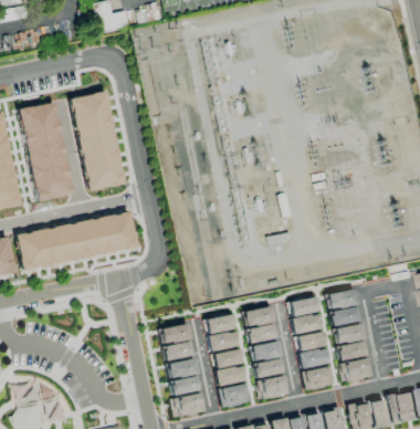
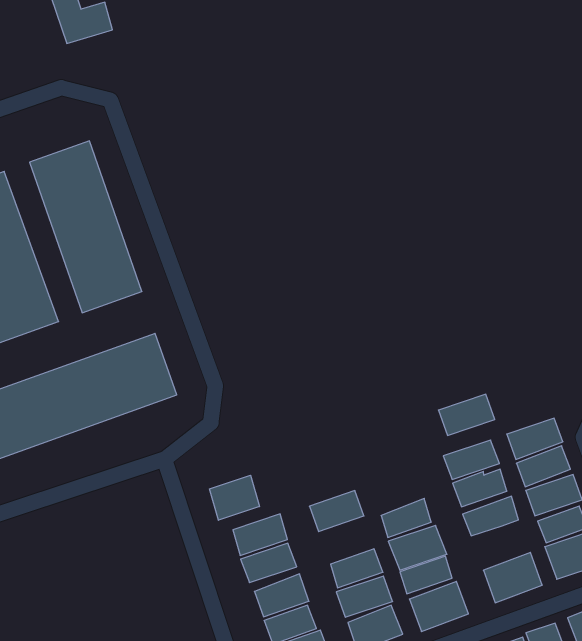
building: none -> [209,475,259,520]
building: [244,307,276,328] -> [438,394,495,435]
building: [210,333,241,354] -> none
building: [300,347,332,369] -> none

